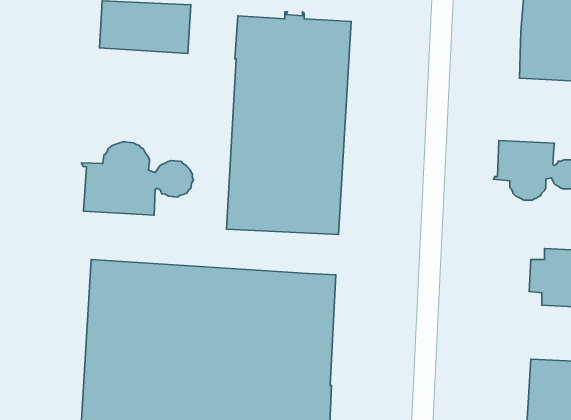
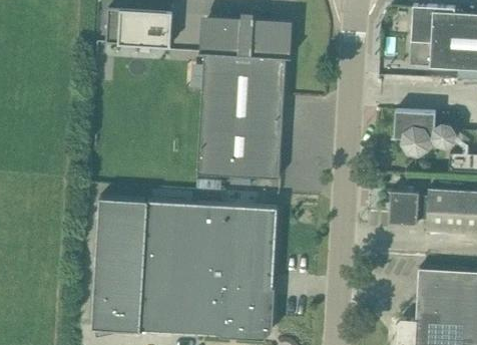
building: [82,142,194,215] -> none
building: none -> [390,191,419,225]

